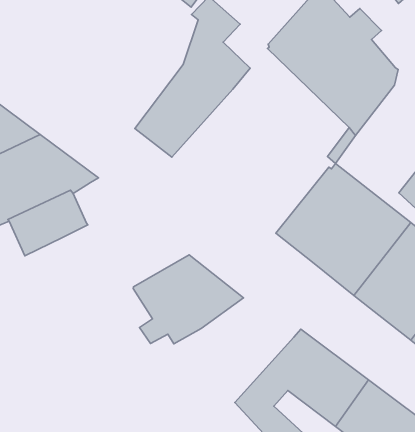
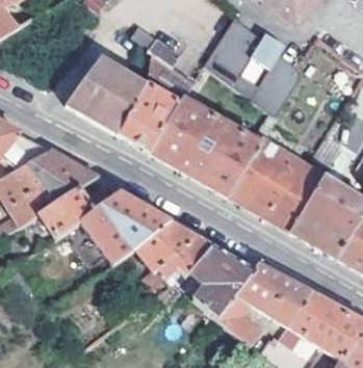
building: none -> [67,57,147,135]
building: none -> [148,98,260,196]
building: none -> [78,190,170,265]
building: none -> [185,244,252,319]

